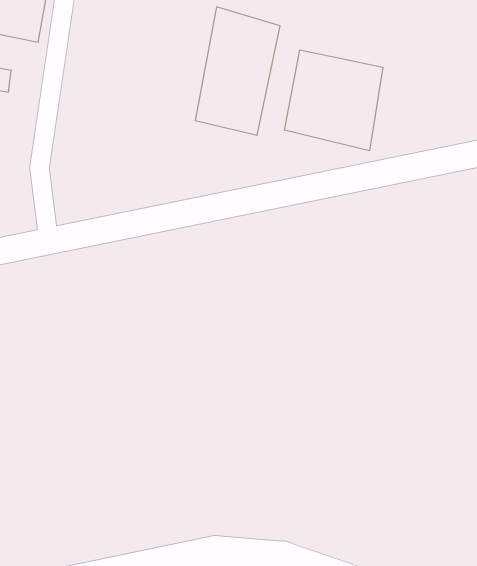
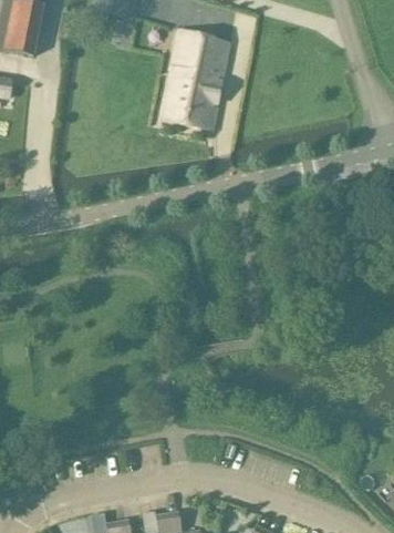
building: [284,50,383,151] -> none

